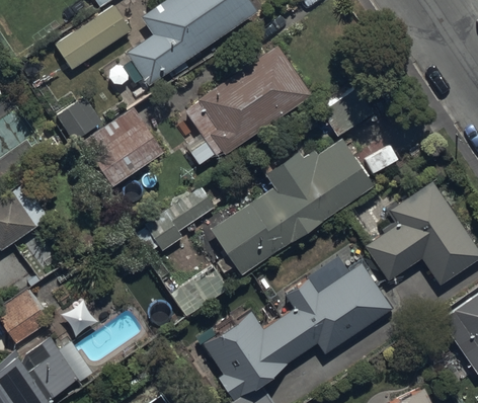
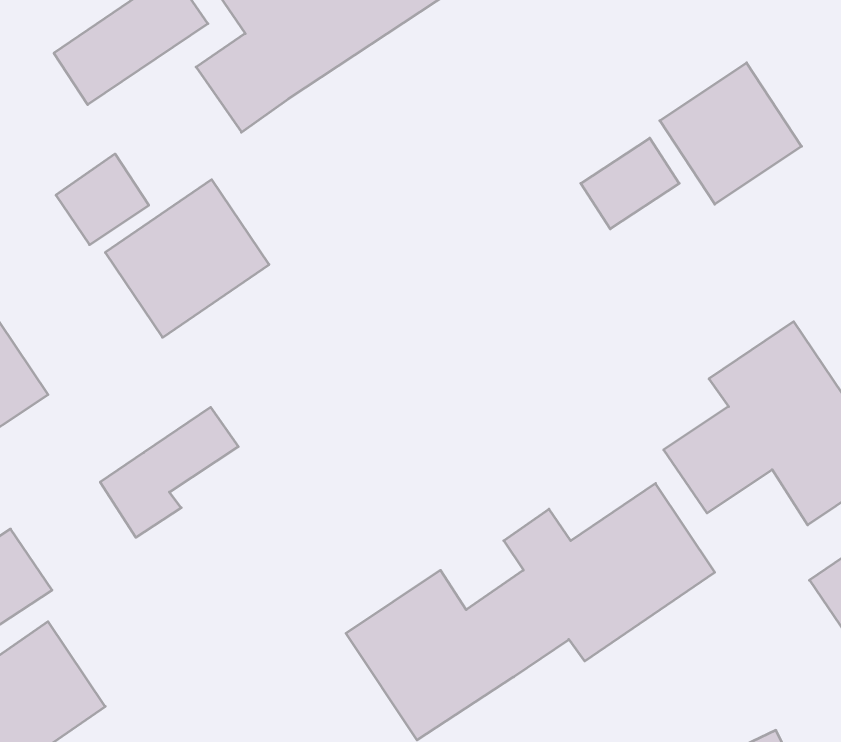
building: [188,43,311,155] -> none
building: none -> [660,63,802,204]
building: [212,144,372,275] -> none
building: [143,187,214,254] -> [100,407,238,537]

